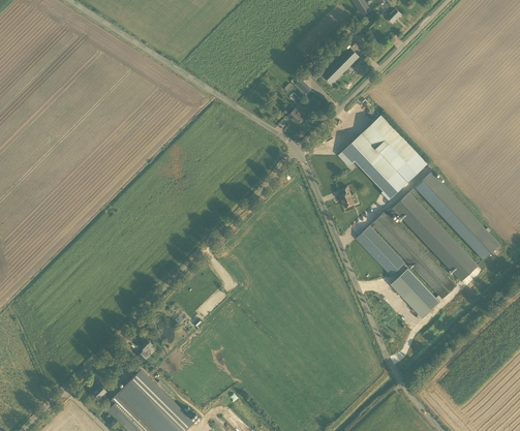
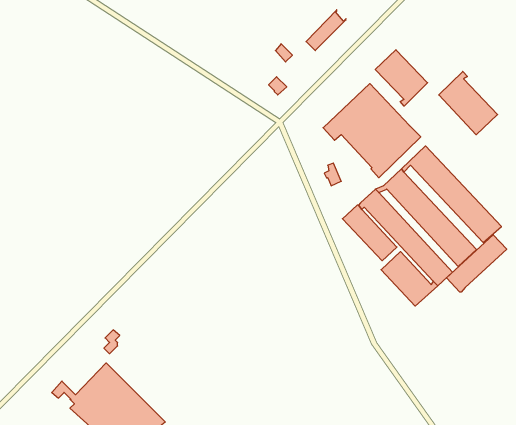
building: none -> [375,50,428,106]
building: none -> [439,71,498,135]
building: none -> [446,235,507,292]

